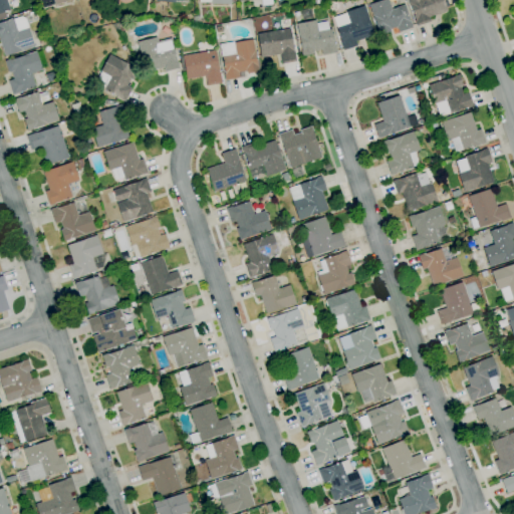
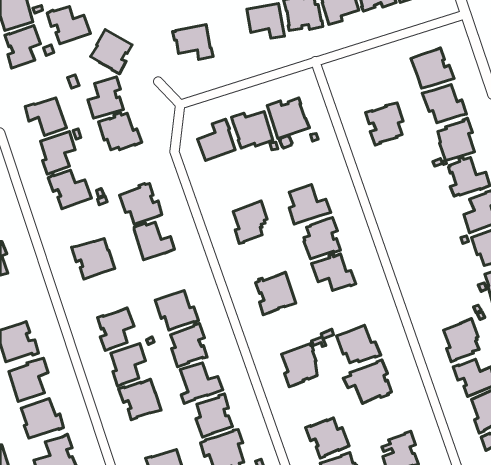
building: [138,37,180,72] -> none
building: [220,39,259,80] -> none
building: [15,92,60,132] -> [47,6,91,44]
building: [374,95,417,139] -> none
building: [393,173,438,212] -> none
building: [289,176,329,220] -> none
building: [113,178,154,223] -> none
building: [227,202,272,241] -> none
building: [409,207,447,251] -> none
building: [67,235,110,279] -> none
building: [418,248,463,286] -> none
building: [252,275,297,314] -> none
building: [438,282,482,325] -> none
building: [151,290,195,328] -> none
building: [87,309,137,351] -> none
building: [445,323,490,363] -> none
building: [339,325,380,369] -> none
building: [283,347,319,391] -> none
building: [306,421,350,466] -> none
building: [381,440,427,483] -> none
building: [139,457,181,496] -> none

